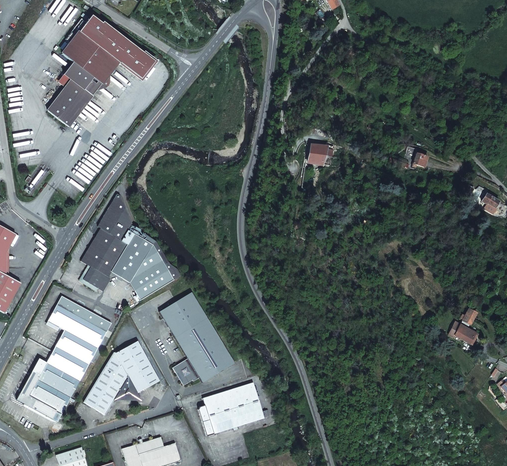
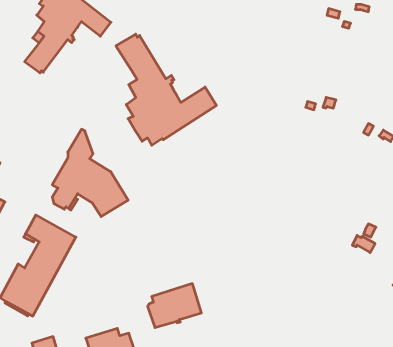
building: none -> [116,34,216,145]
building: [308,144,330,166] -> none
building: [160,292,234,383] -> none
building: [84,341,159,415] -> none

